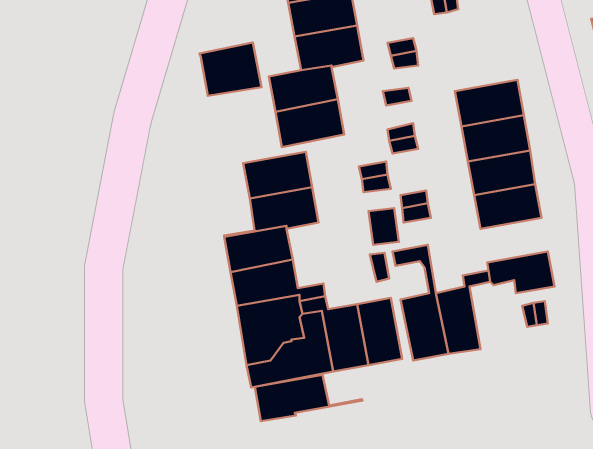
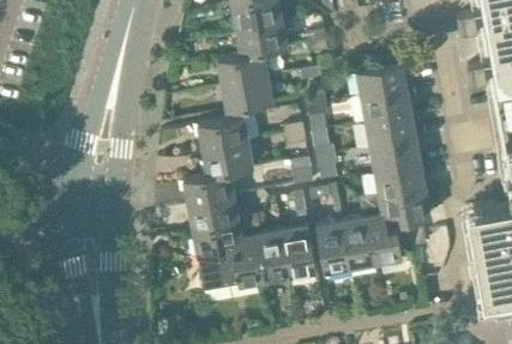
building: [200,43,262,96] -> none
building: none -> [360,168,426,211]
building: none -> [367,216,403,266]
building: [255,375,362,421] -> none

